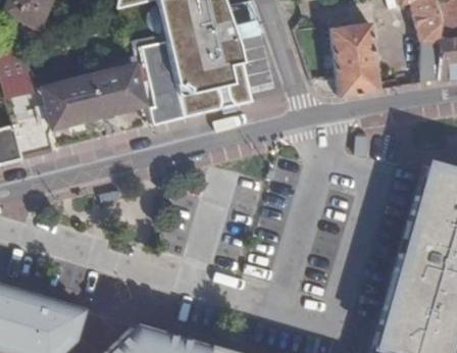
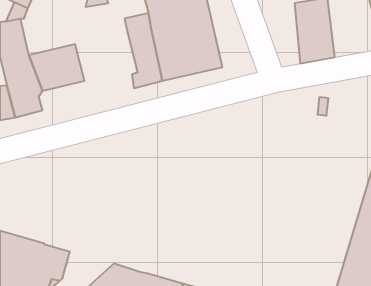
building: [87,63,155,117] -> none

